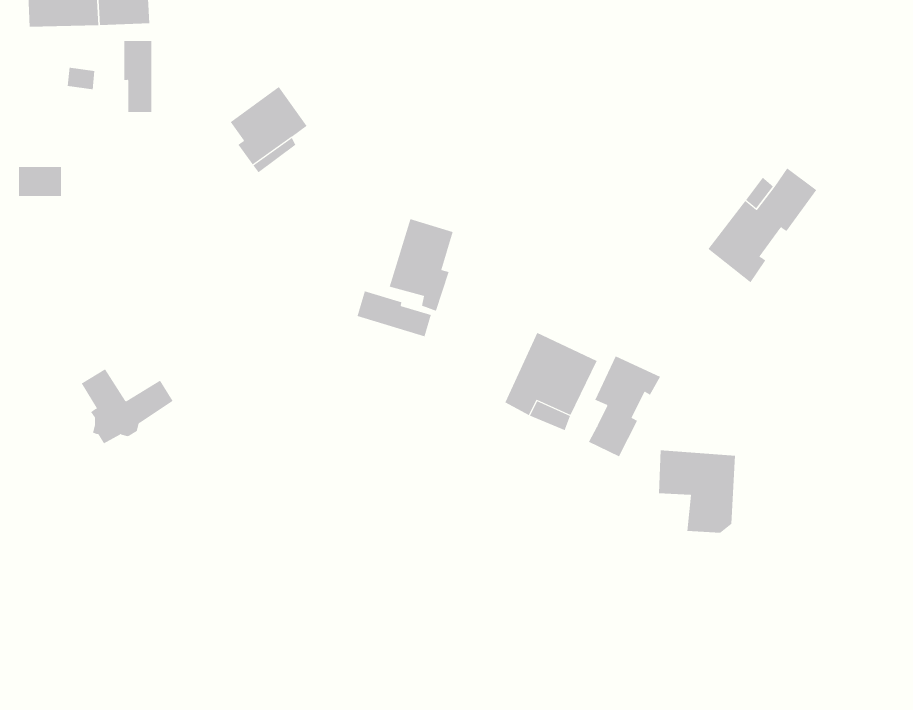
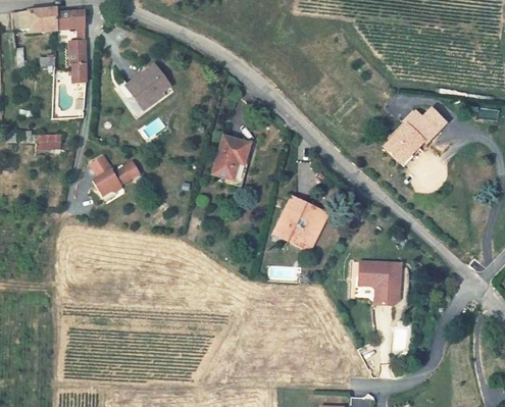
building: [18,166,62,197] -> [38,133,61,149]
building: [357,290,432,337] -> none
building: [588,356,661,457] -> none
building: [81,368,174,444] -> [89,155,139,196]

